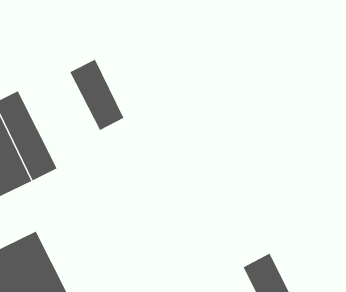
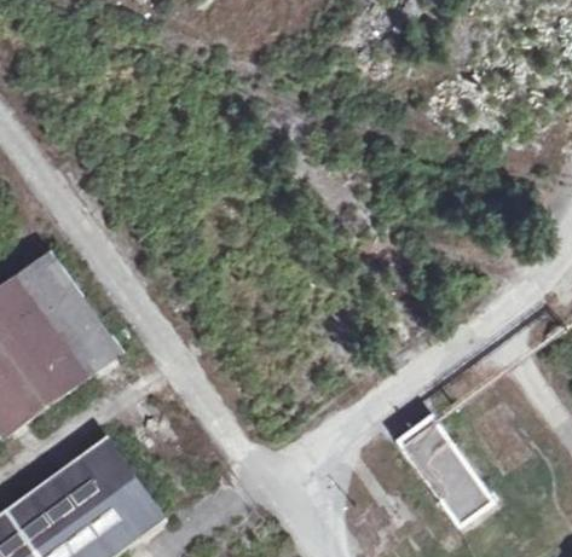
building: [69,59,124,131] -> none

